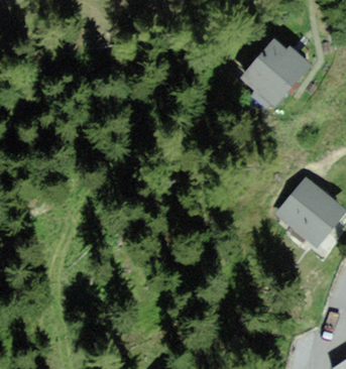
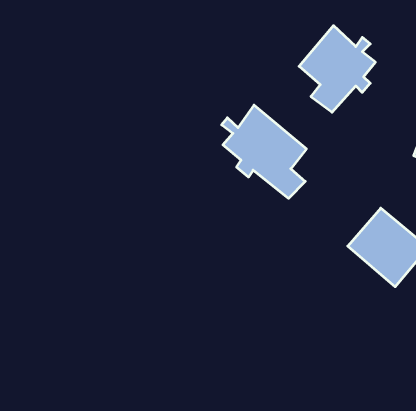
building: none -> [222,105,306,198]

